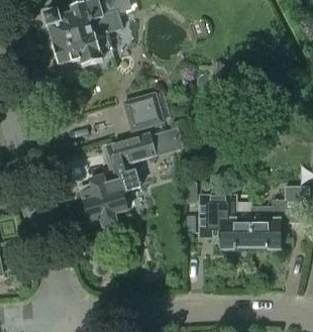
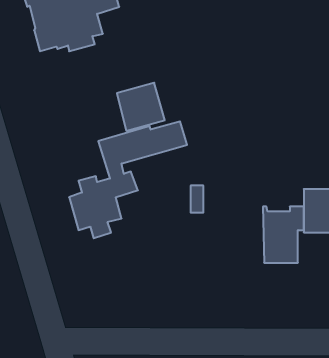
building: [199,192,249,248] -> none

